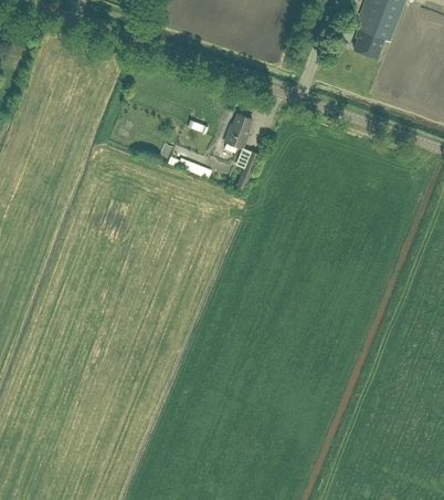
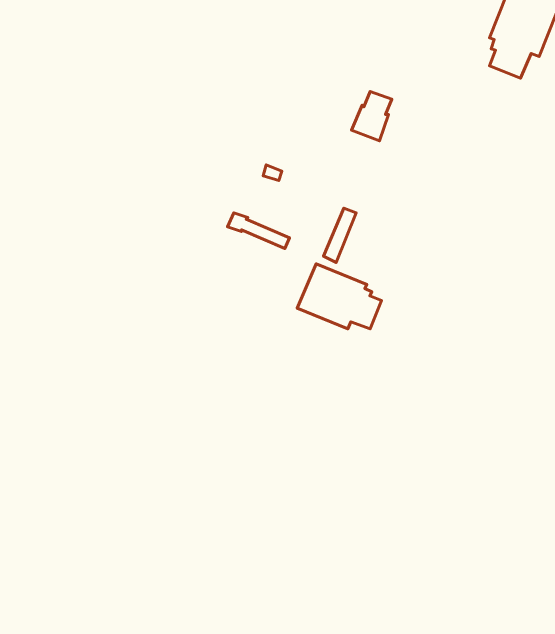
building: [223,113,252,148] -> [351,91,392,141]
building: none -> [297,264,382,329]

